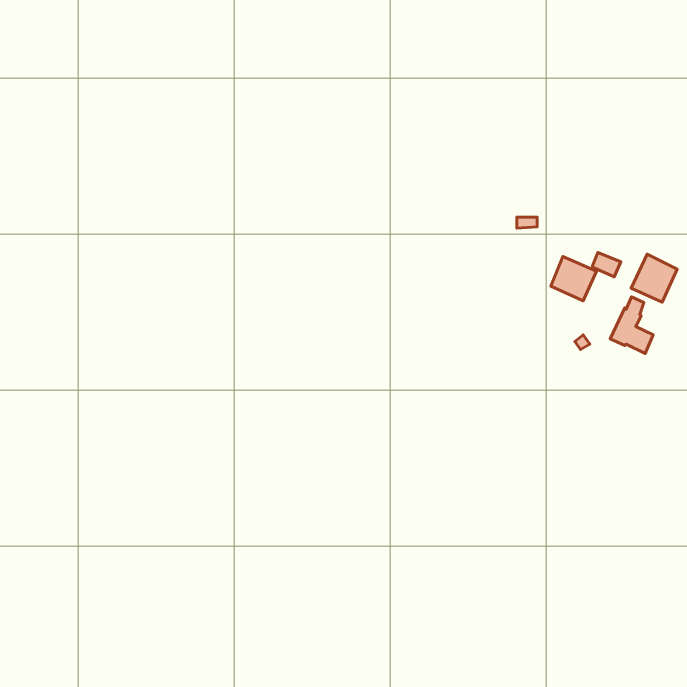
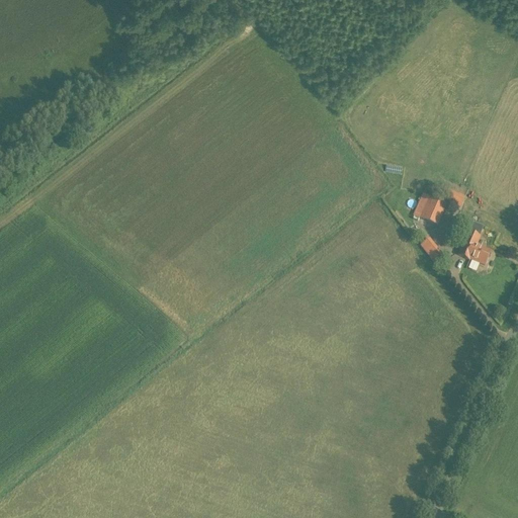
building: [631,254,677,302] -> none

